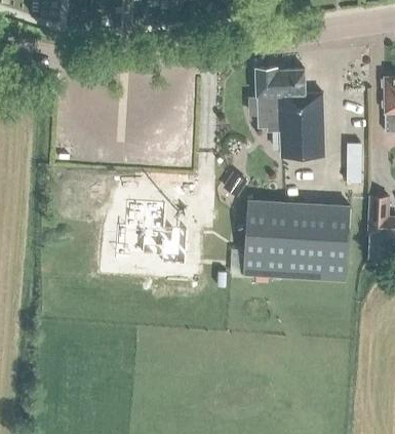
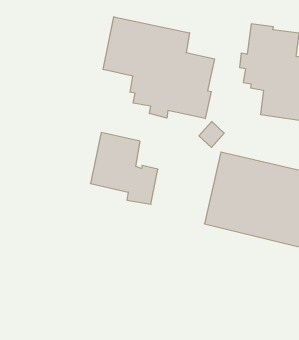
building: none -> [103,17,215,119]

